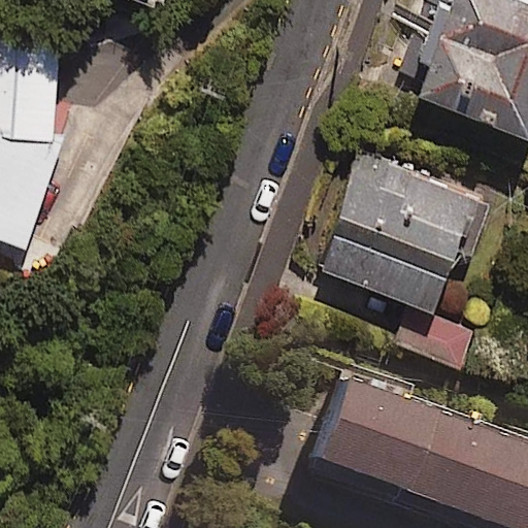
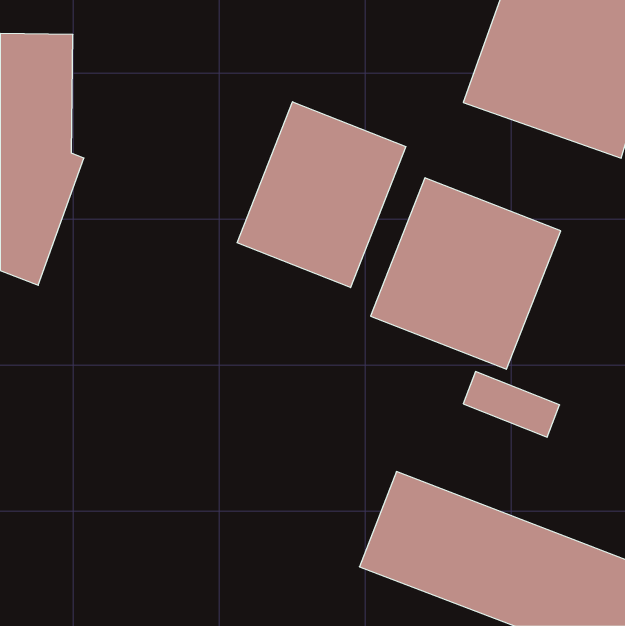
building: none -> [237,102,406,288]

